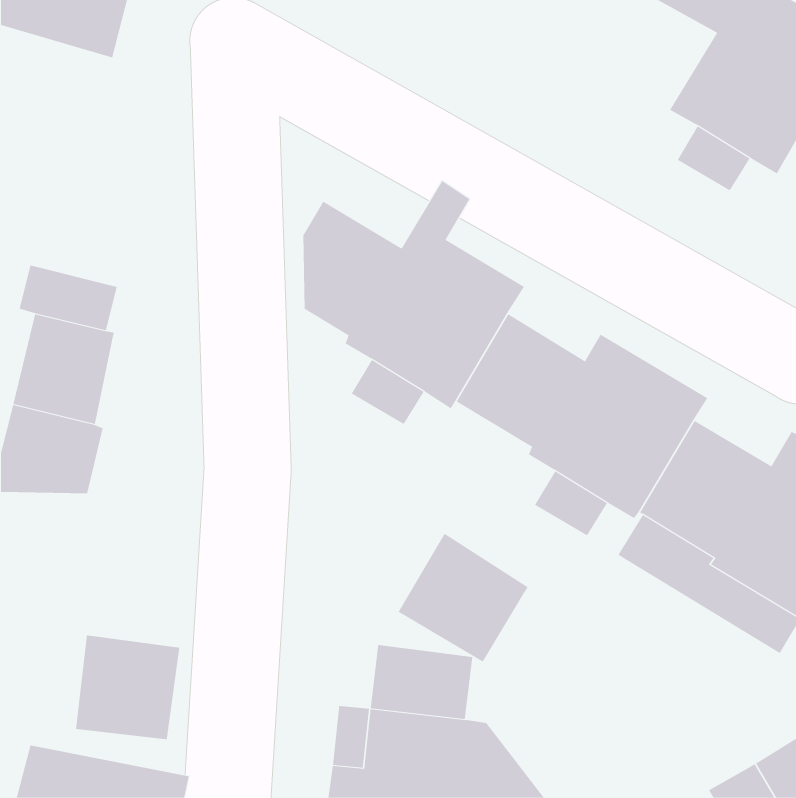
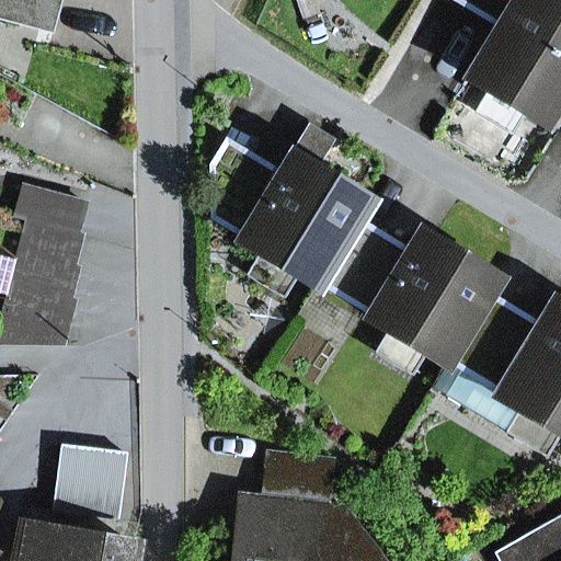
building: [398,533,528,663] -> none

